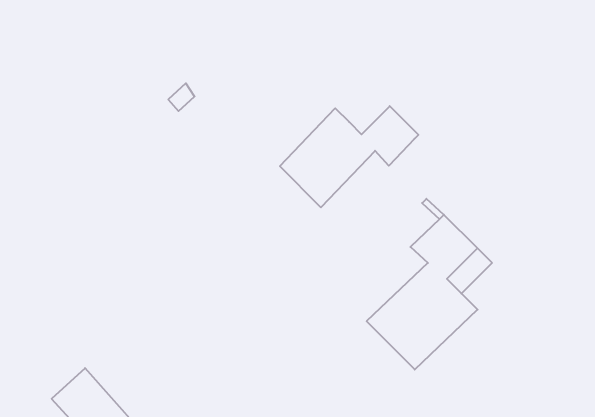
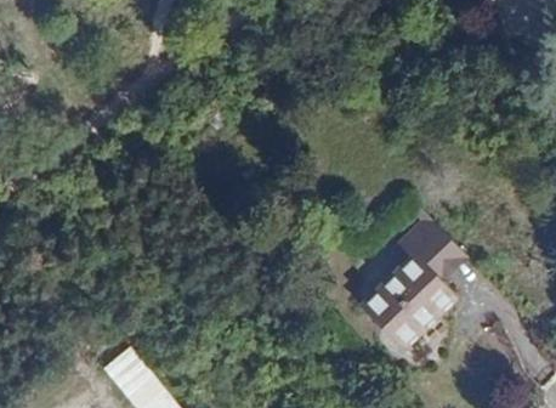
building: [280,106,418,207] -> none

